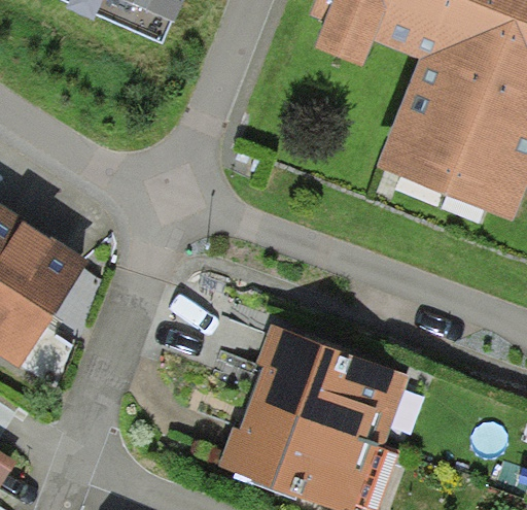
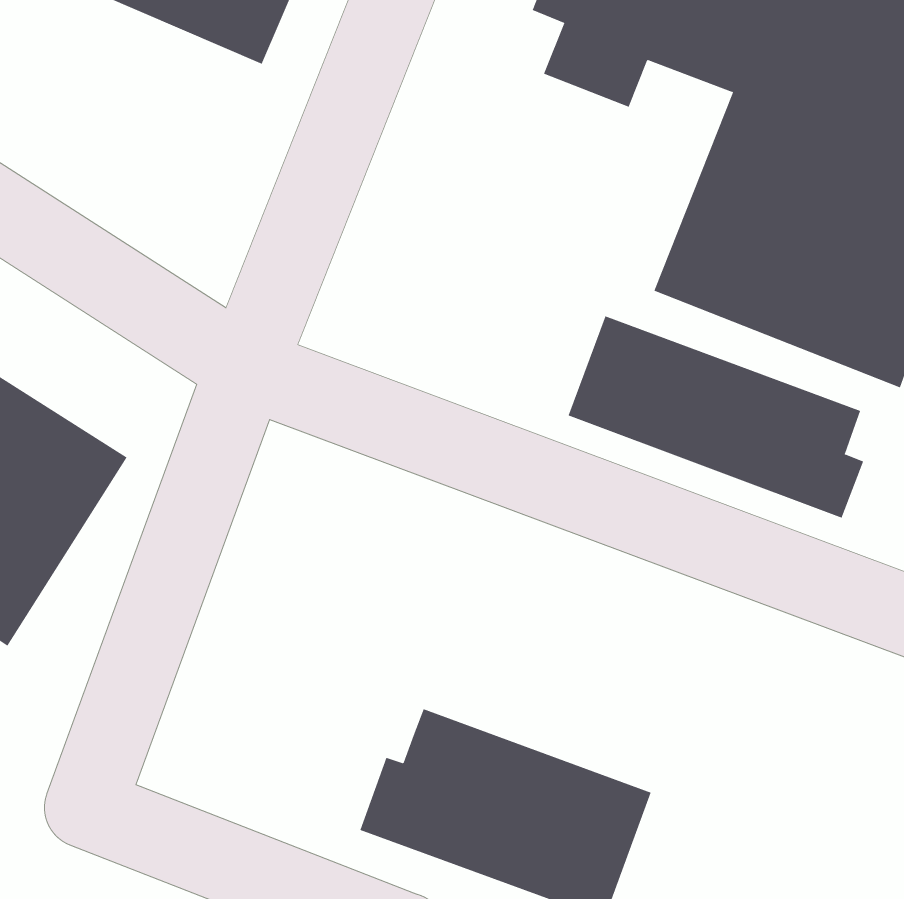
building: none -> [568,315,864,518]
building: [251,322,410,447] -> none

